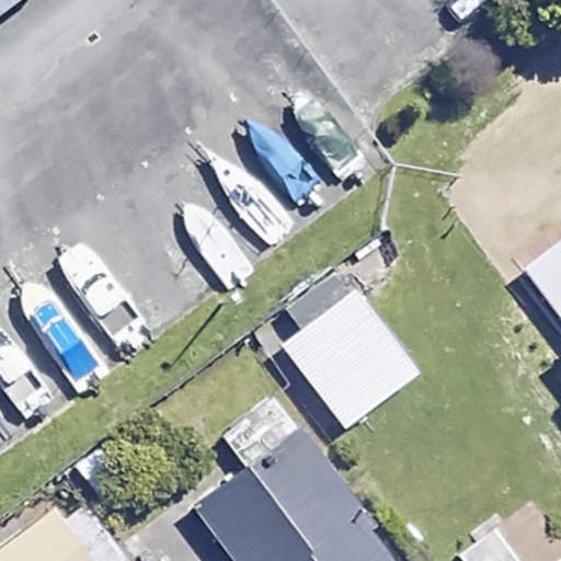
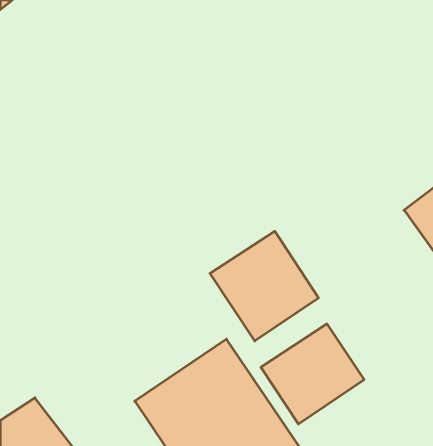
building: none -> [261,324,364,424]

